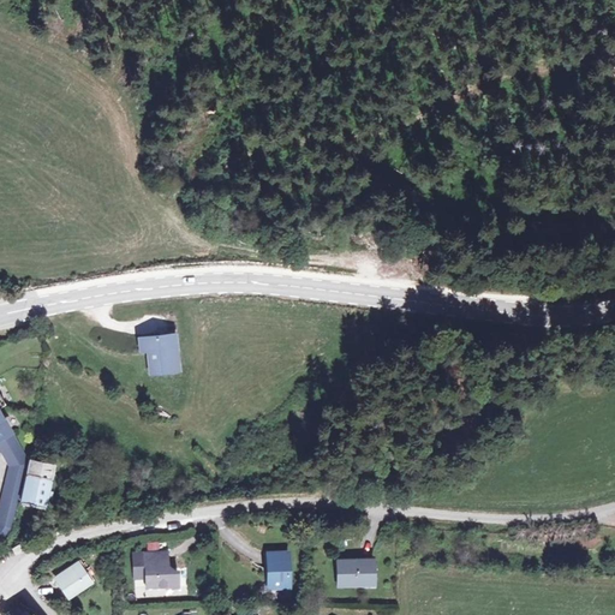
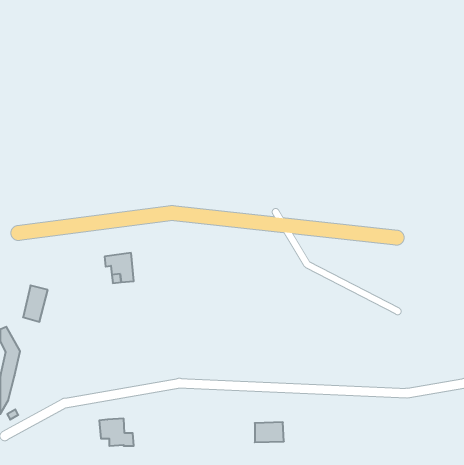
building: [22,460,54,508] -> [23,285,48,322]
building: [267,553,289,586] -> none
building: [58,561,90,593] -> none

